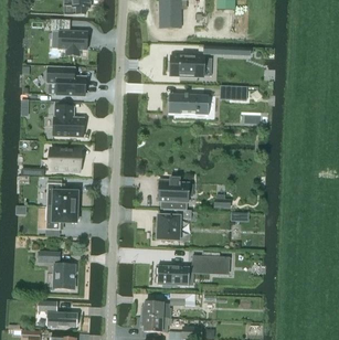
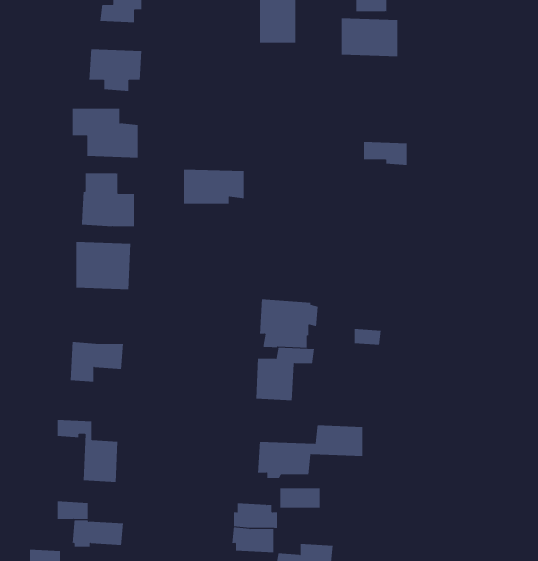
building: [170,54,204,77] -> [341,18,398,57]
building: [169,94,205,115] -> [183,169,244,204]
building: [46,182,77,206] -> none

